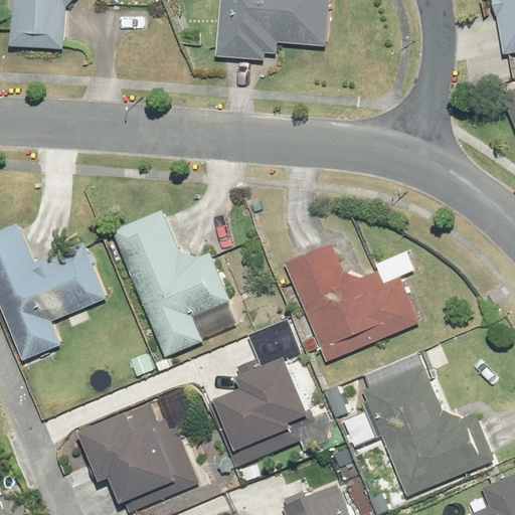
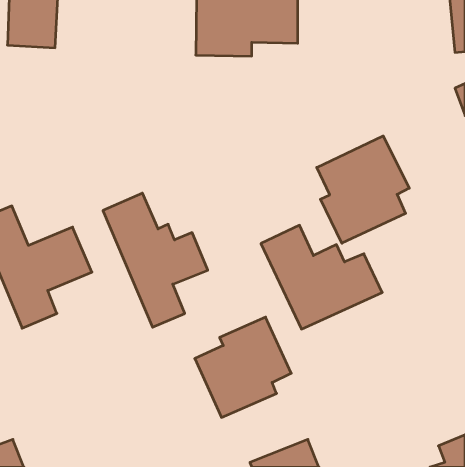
building: none -> [317,136,409,243]
building: [359,363,494,501] -> none
building: [85,392,199,503] -> none

